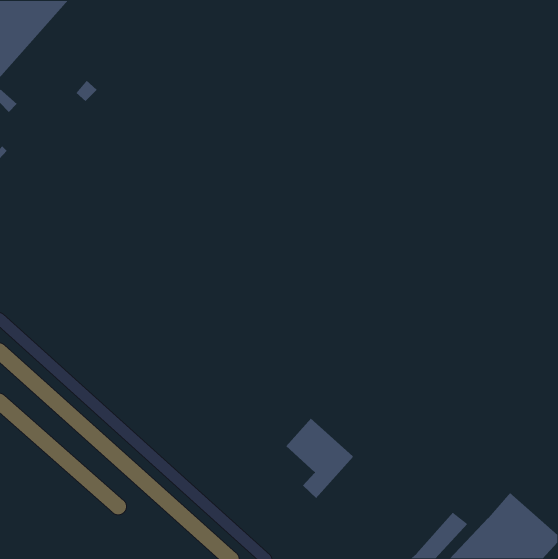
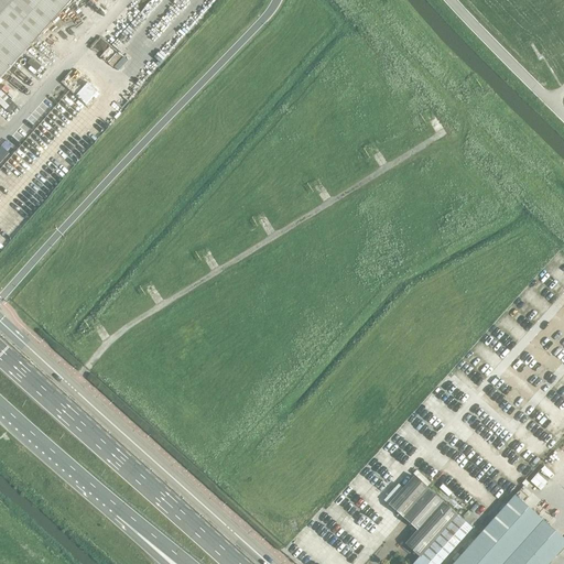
building: [286,418,353,499] -> [388,476,456,557]

